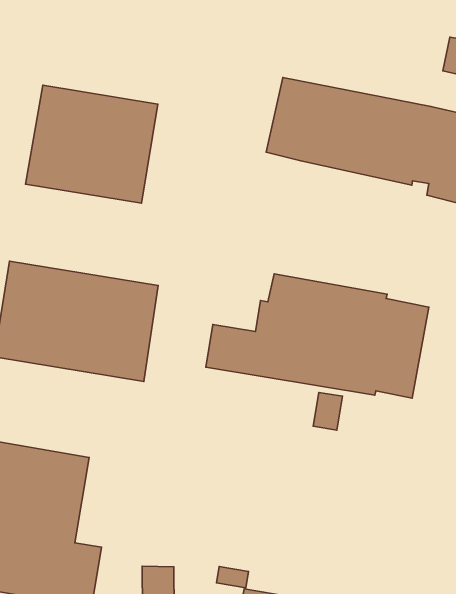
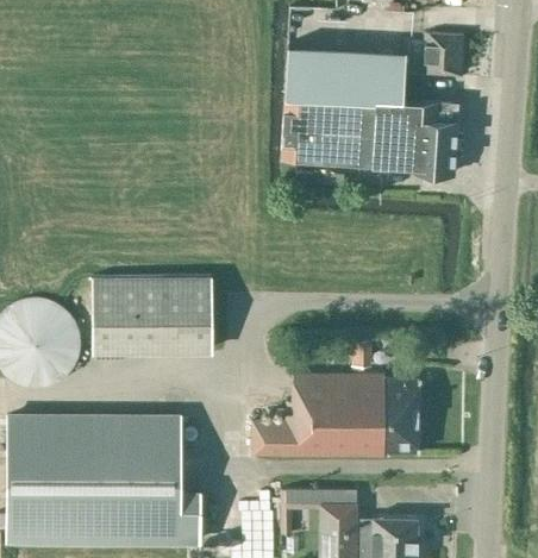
building: none -> [284,44,407,101]
building: [25,85,158,203] -> none
building: [206,274,429,398] -> [252,374,420,456]

